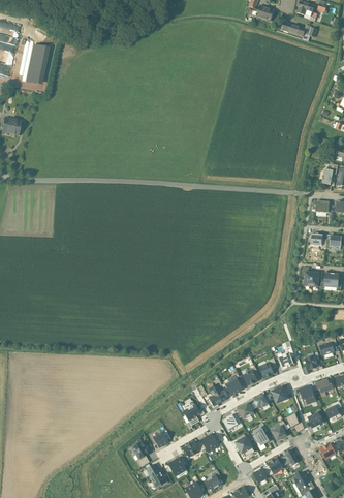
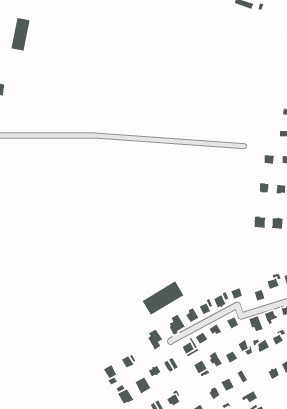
building: none -> [141,280,184,316]

